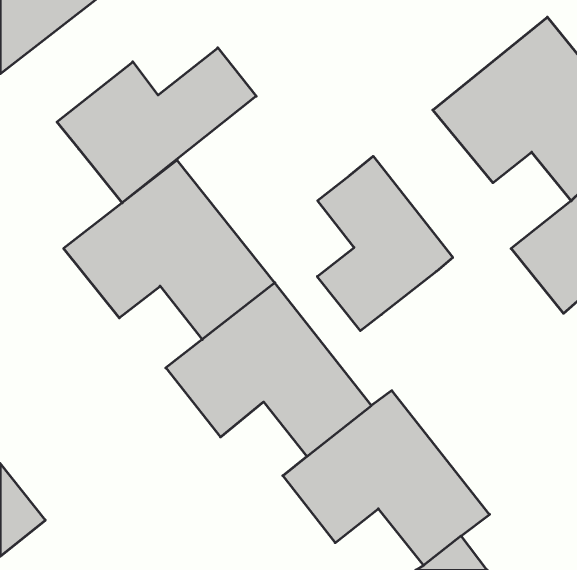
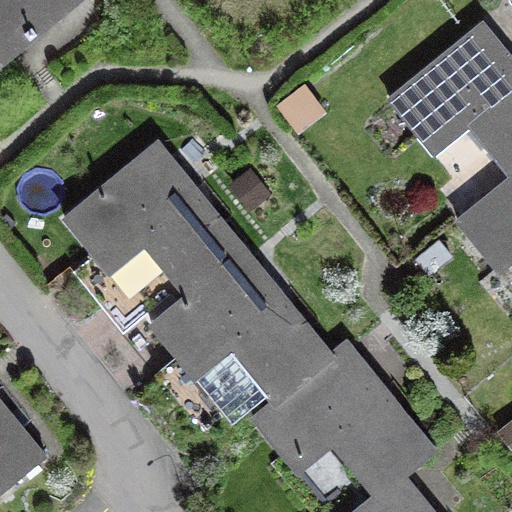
building: [57,48,256,203] -> none
building: [317,156,453,331] -> none

